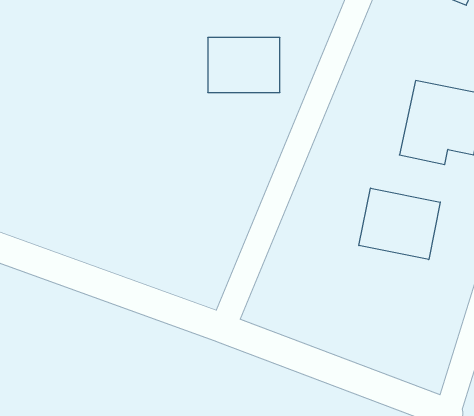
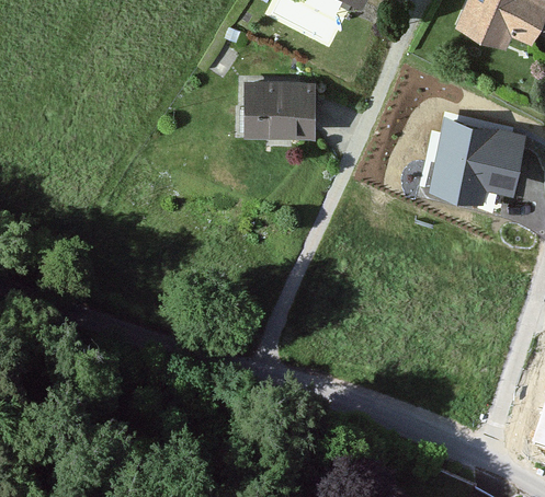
building: [359,188,440,260] -> none

